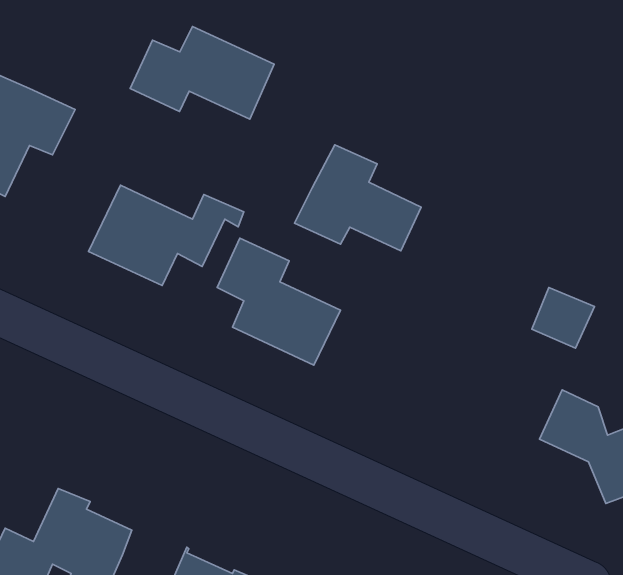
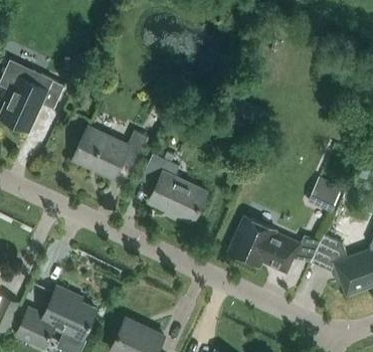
building: [130,27,274,119] -> none
building: [294,145,421,251] -> none
building: none -> [229,217,299,272]

